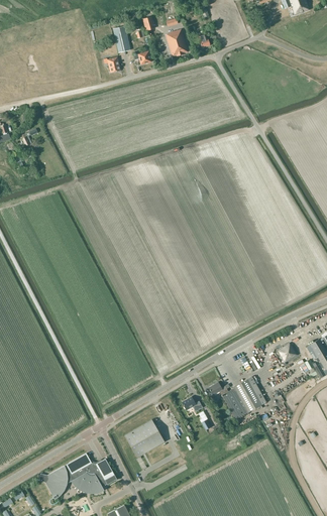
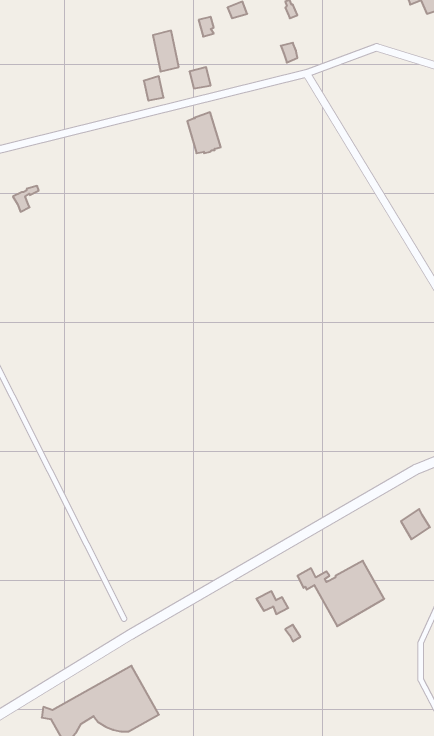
building: [165,29,187,56] -> [187,112,221,153]
building: [124,419,164,458] -> none

